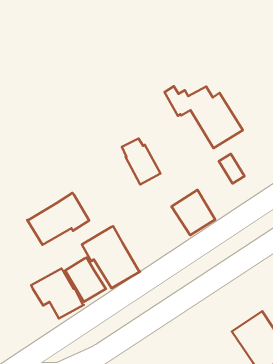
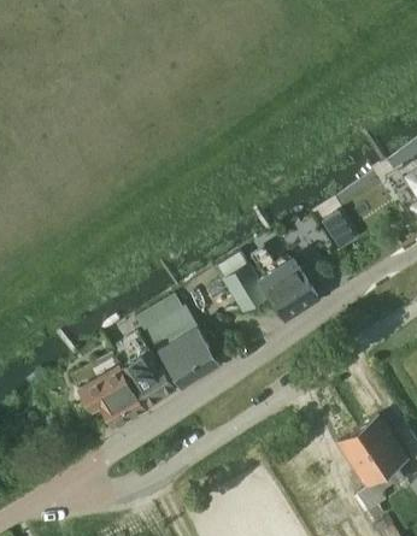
building: [164,86,243,148] -> none
building: [122,138,161,185] -> [217,252,268,312]
building: [27,193,89,245] -> none

